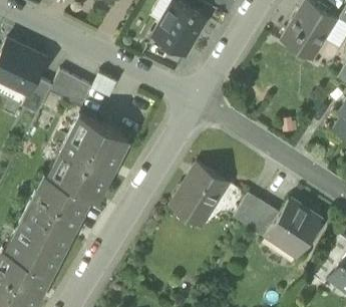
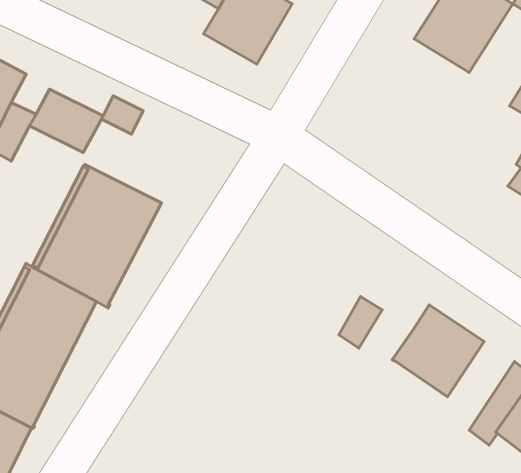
building: [170,165,227,226] -> none
building: [246,203,279,239] -> none

